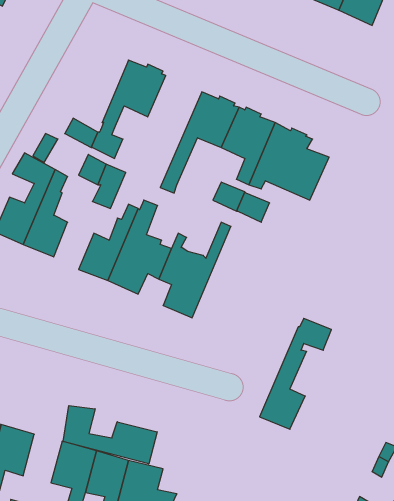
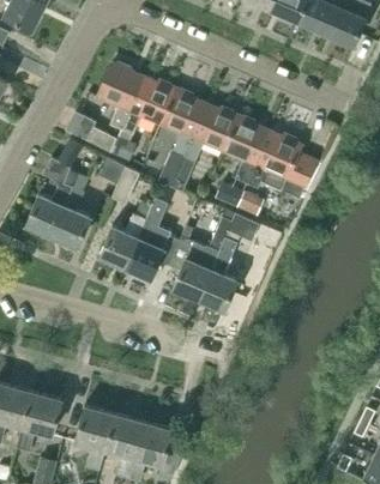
building: none -> [96,61,141,129]
building: none -> [158,89,205,186]
building: [260,318,331,429] -> [197,213,259,309]
building: [63,406,157,464] -> none

